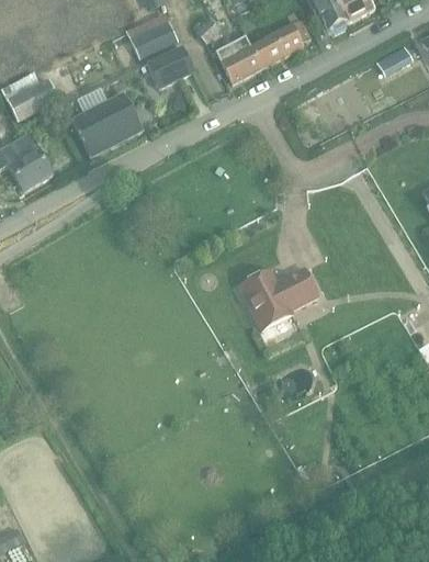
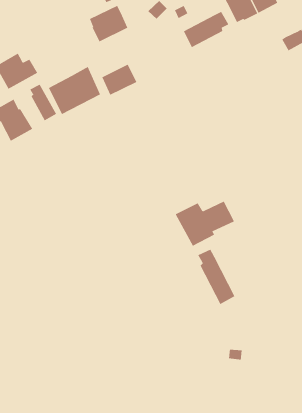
building: [215,35,261,82] -> none
building: [147,46,194,88] -> [101,64,137,96]
building: none -> [30,84,57,121]
building: none -> [198,249,235,305]

